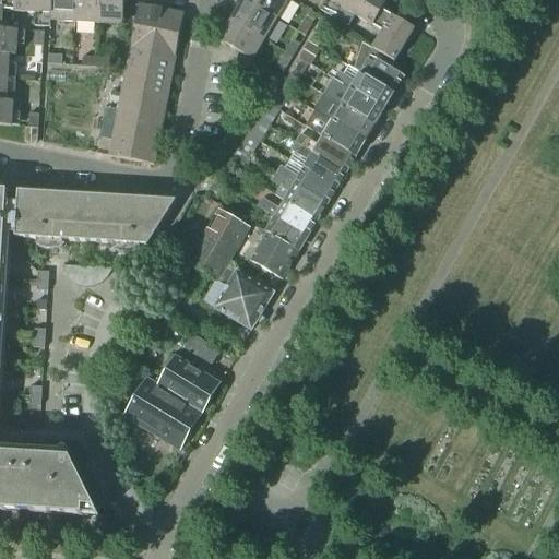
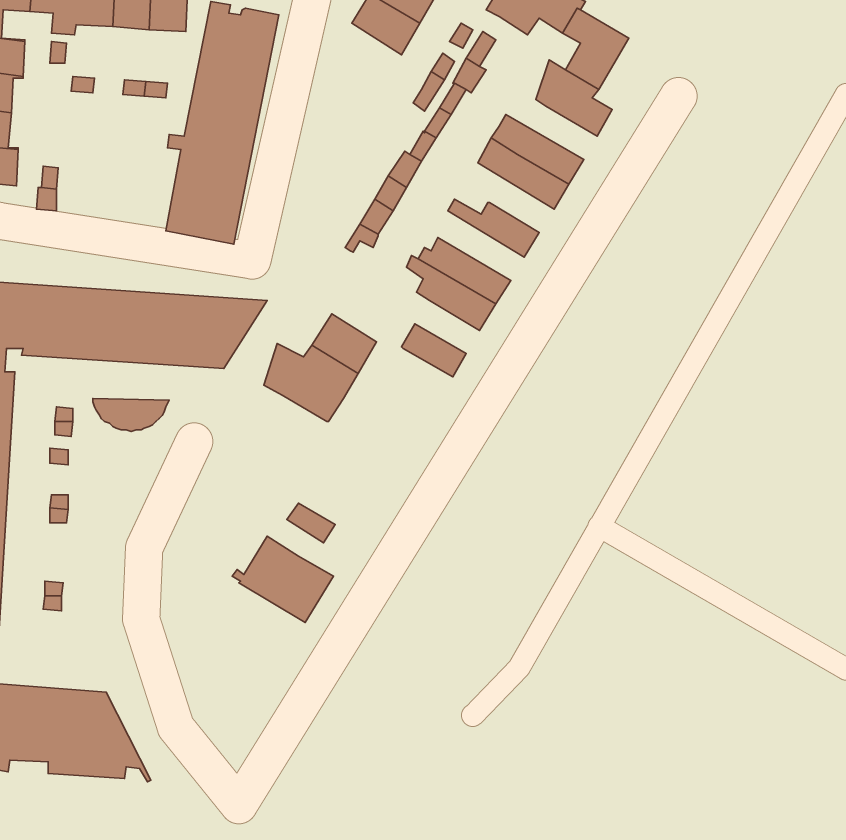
building: [218,15,264,56] -> none
building: [333,62,393,105] -> none
building: [305,107,365,153] -> none
building: [288,139,345,185] -> none
building: [257,194,316,233] -> none
building: [249,229,298,276] -> none
building: [202,267,273,326] -> none
building: [123,374,201,447] -> none

